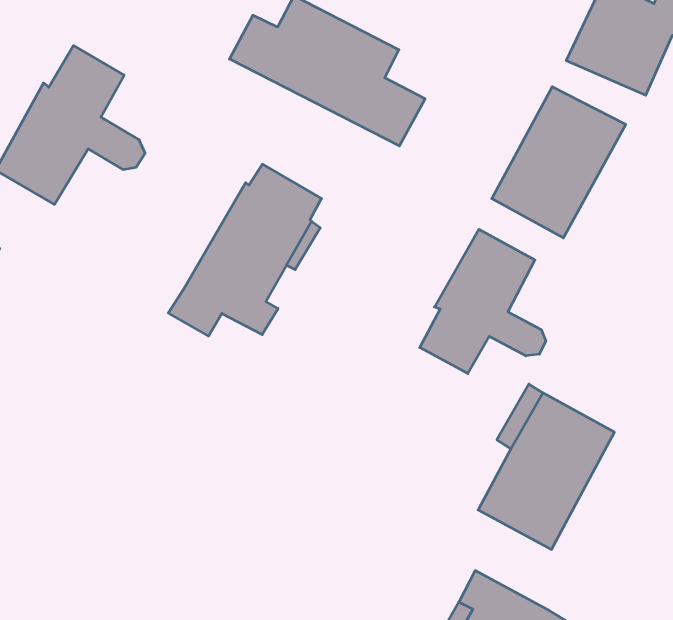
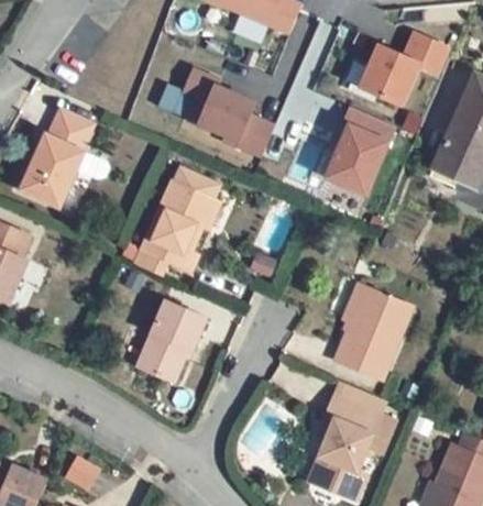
building: [420,229,546,374] -> none
building: none -> [139,300,206,383]

